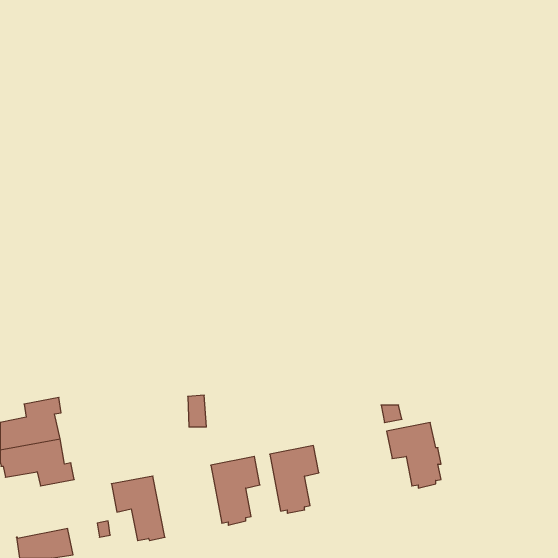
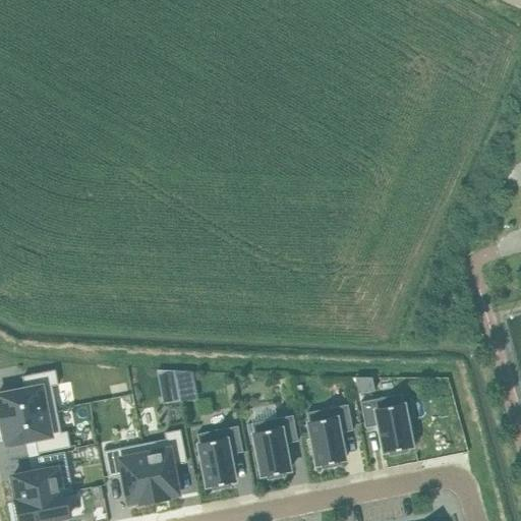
building: none -> [306,404,352,467]
building: none -> [142,429,186,501]
building: none -> [11,452,72,502]

